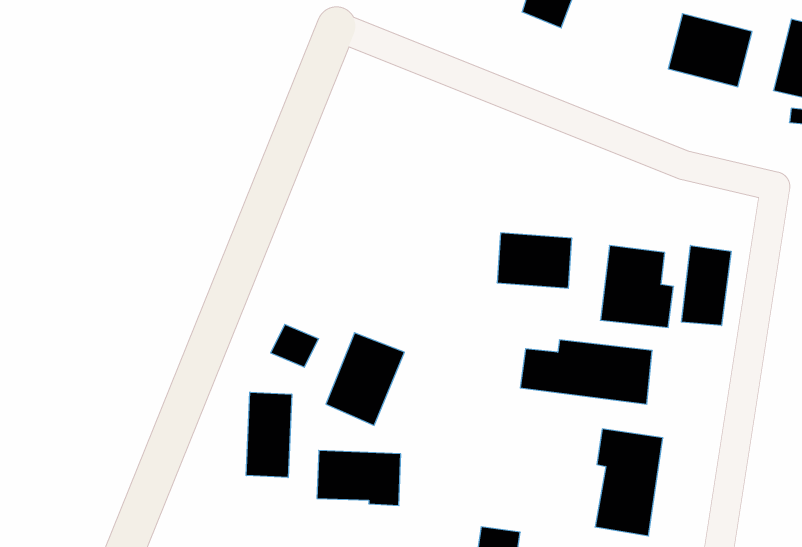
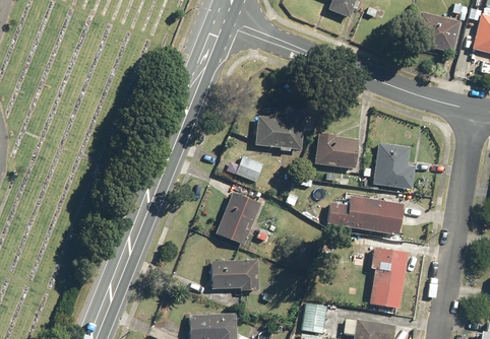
building: none -> [255,115,306,149]
building: [681,245,731,326] -> none
building: [271,324,319,367] -> [236,156,263,181]
building: [246,392,292,478] -> none

